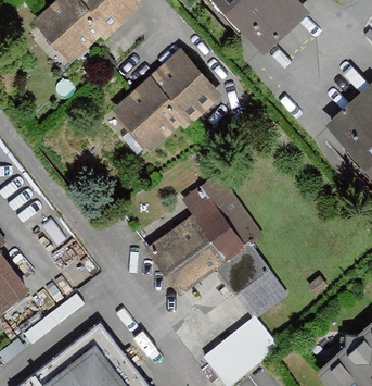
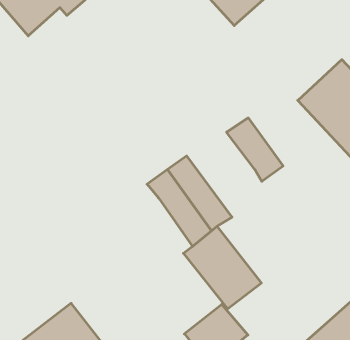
building: [108,54,216,152] -> none
building: none -> [227,118,283,181]
building: [141,219,220,298] -> none

